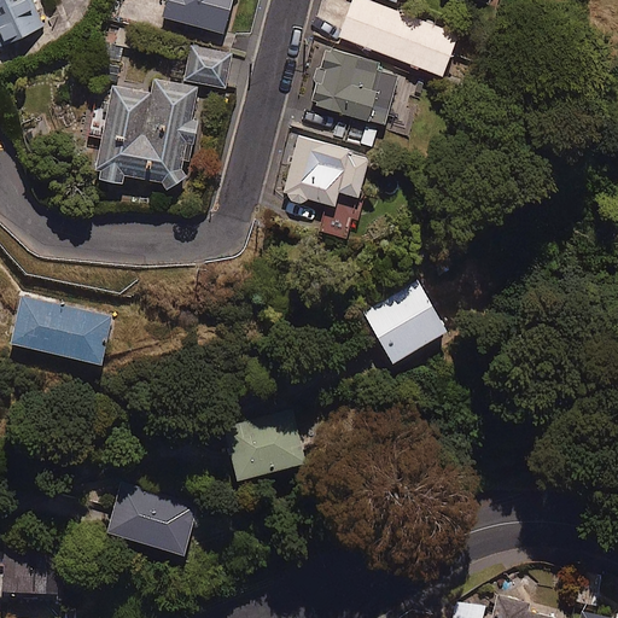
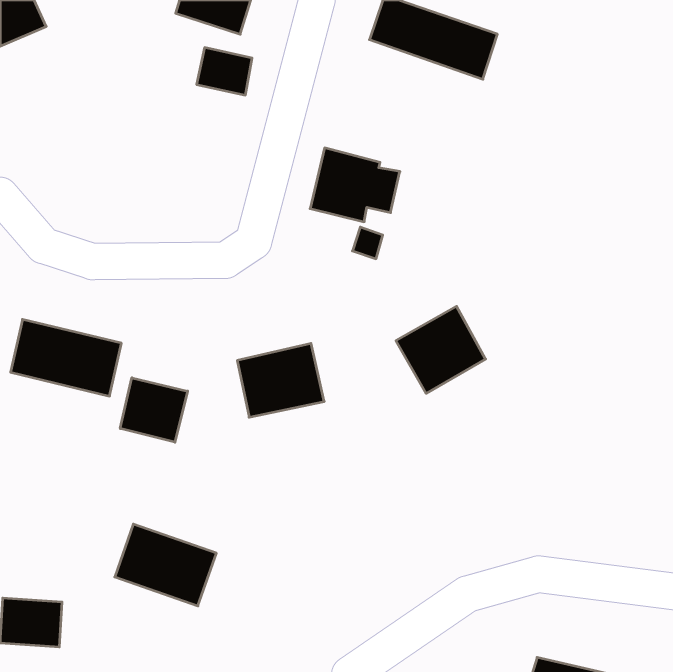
building: [307,51,400,126] -> none
building: [92,78,198,190] -> none
building: none -> [120,378,188,442]
building: [226,410,305,478] -> [237,343,324,417]

